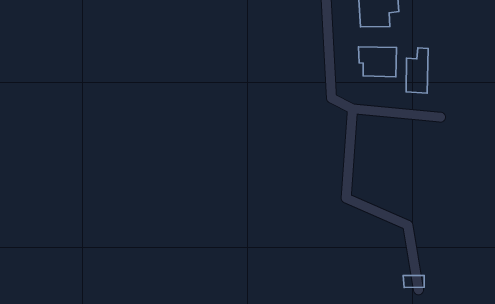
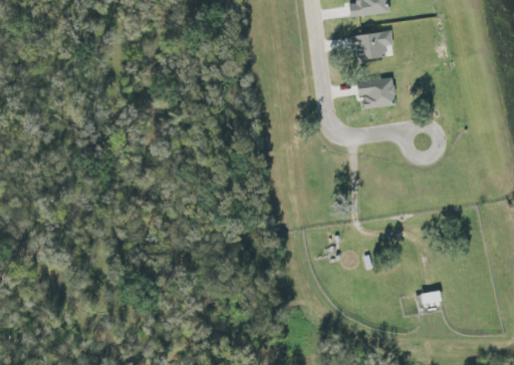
building: [406,48,428,93] -> none

